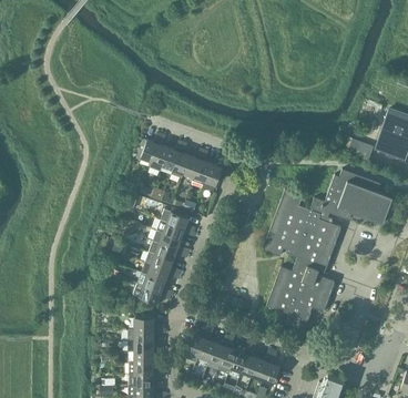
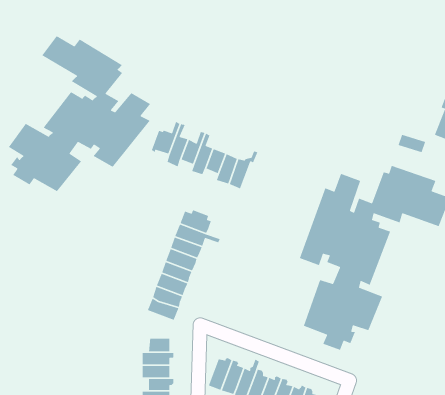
building: none -> [8,35,151,192]

